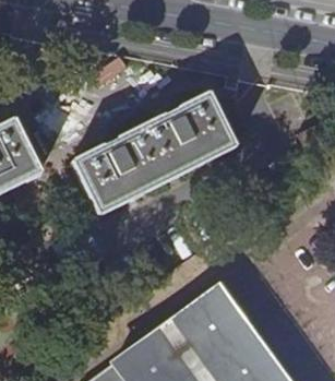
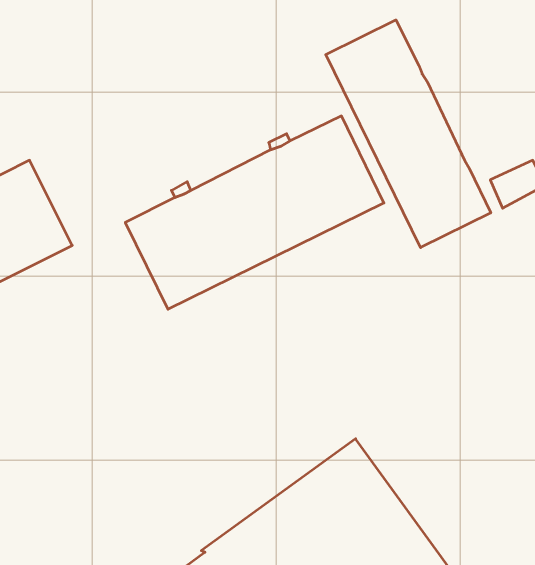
building: none -> [326,20,491,248]

